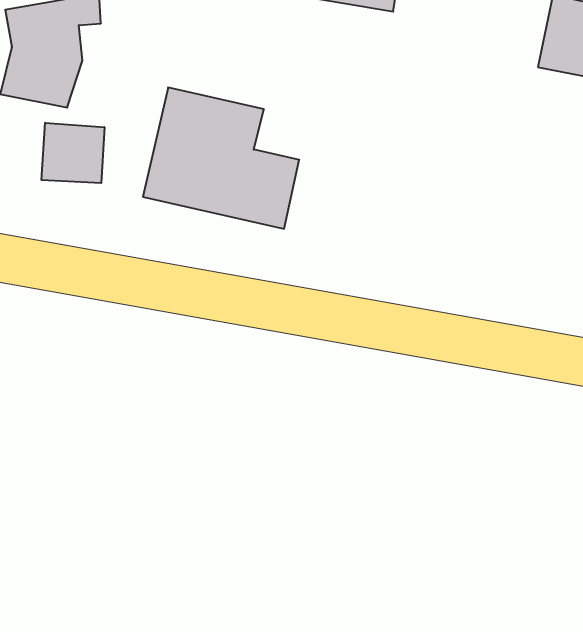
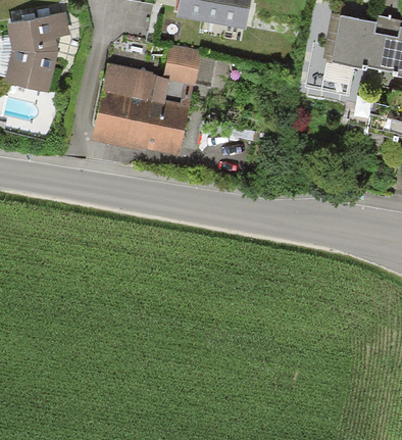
building: none -> [166,55,201,88]
building: [42,123,104,183] -> none

